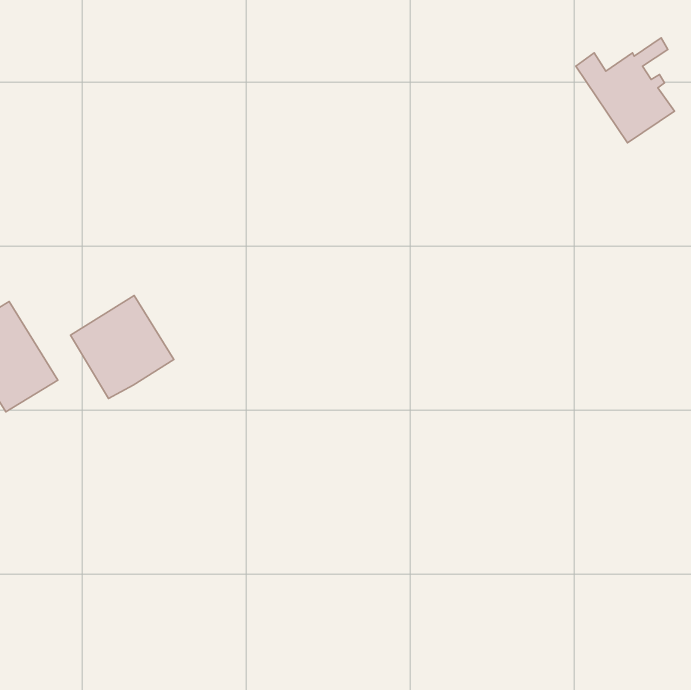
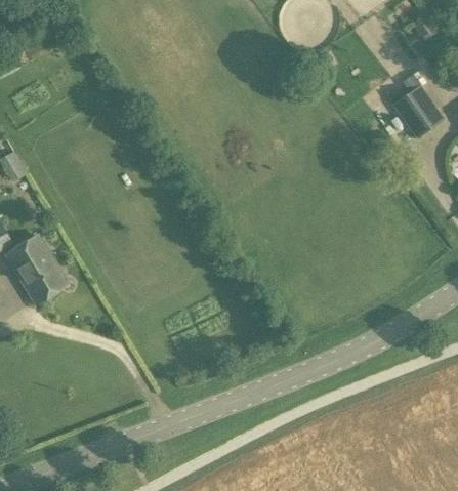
building: [71,296,174,399] -> none

